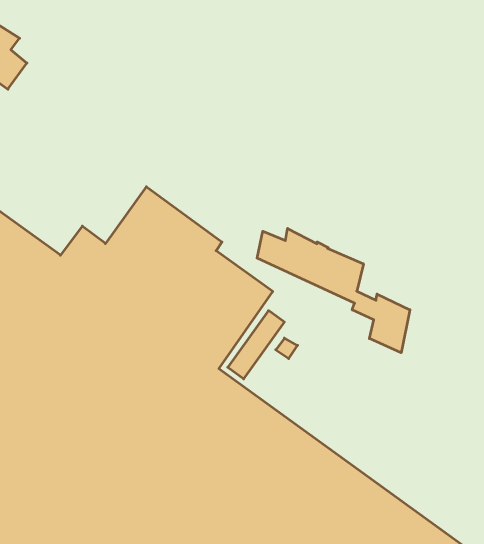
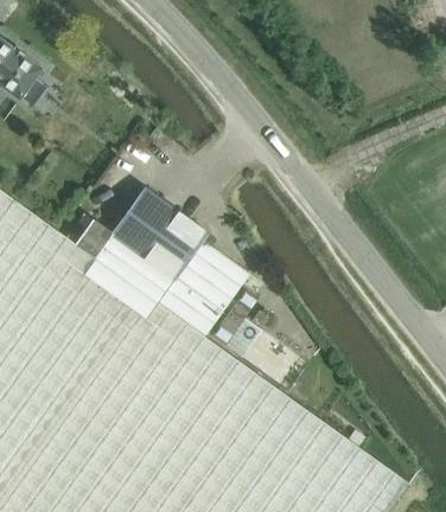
building: [257,228,410,353] -> none

